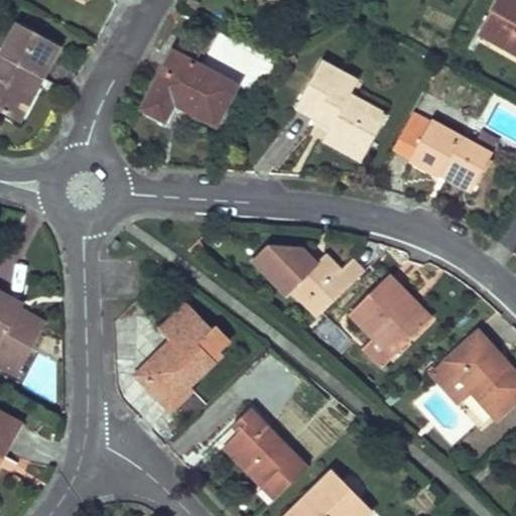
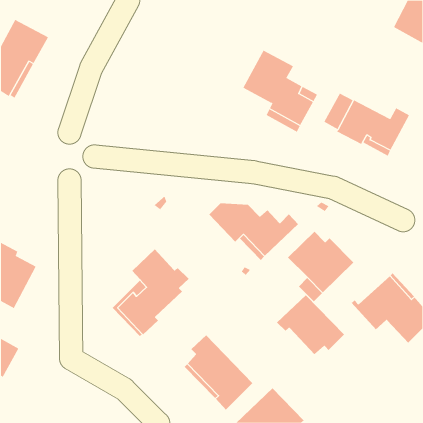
building: [143,51,237,125] -> none
building: none -> [276,294,345,355]

